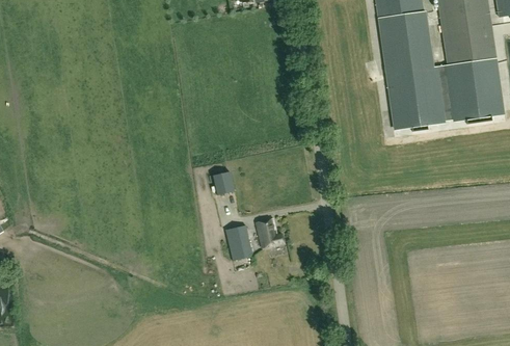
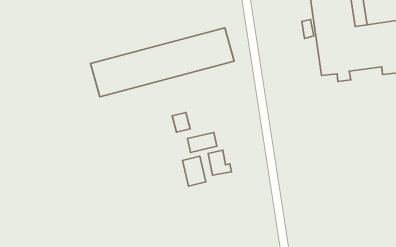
building: none -> [90,28,234,97]
building: none -> [187,132,217,152]

